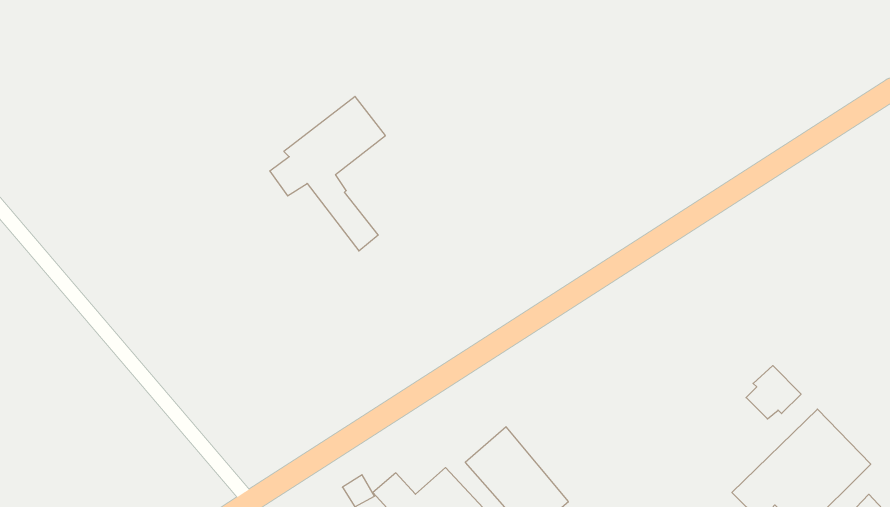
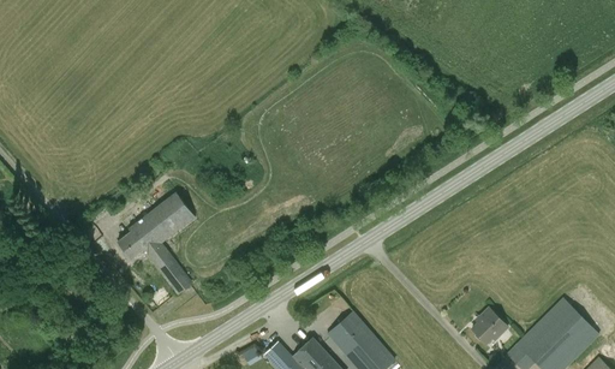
building: [270,96,385,251] -> [118,191,196,296]
building: [746,366,801,419] -> [471,308,508,344]

